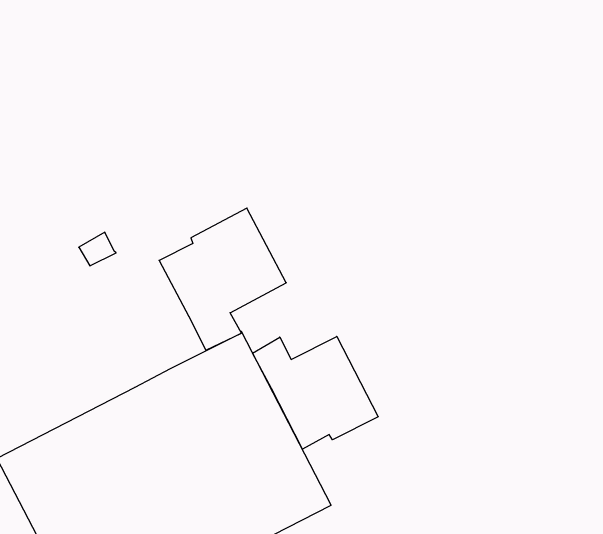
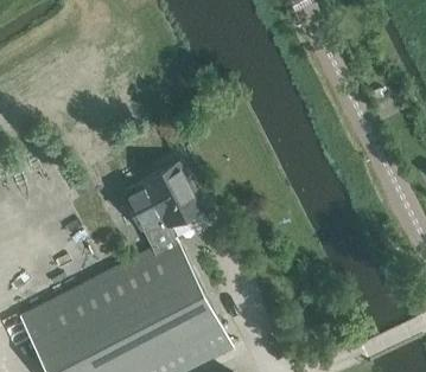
building: [253,336,378,449] -> none

